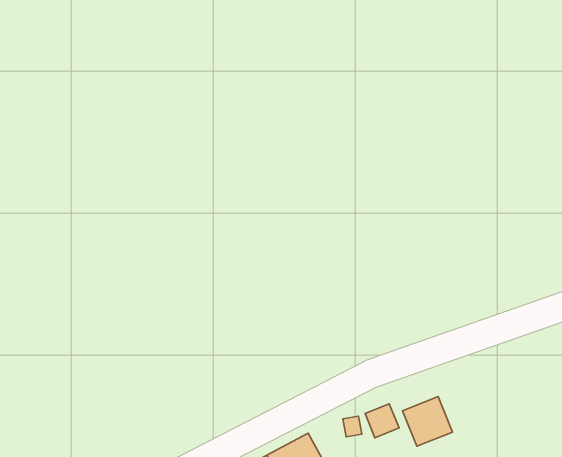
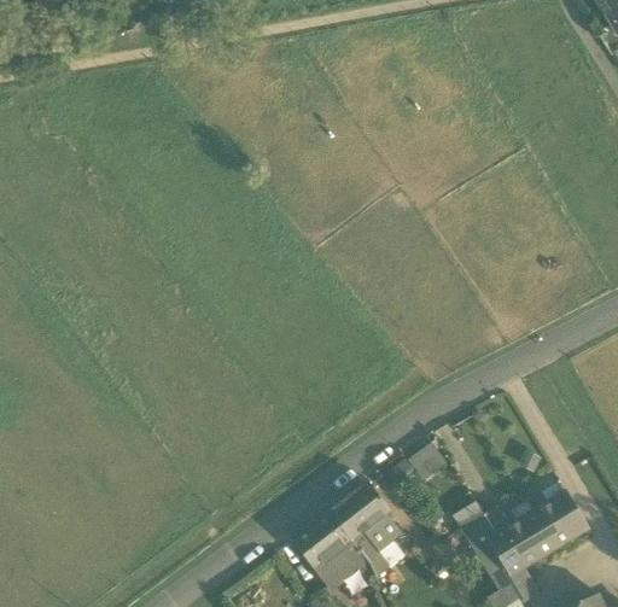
building: [402,397,452,446] -> none

